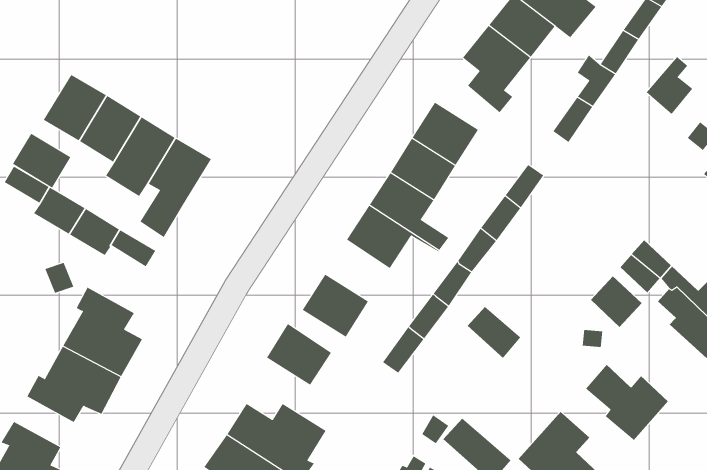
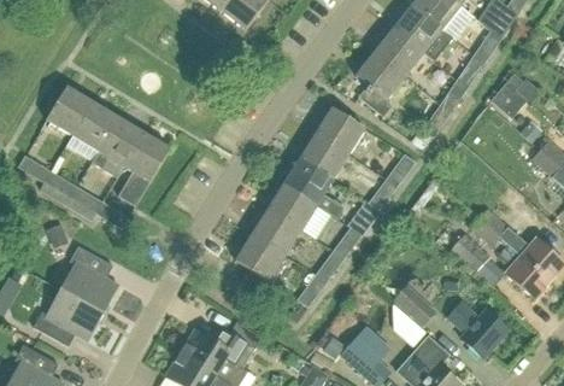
building: [12,133,71,189] -> none
building: [467,306,521,359] -> [393,285,433,323]
building: [266,323,332,385] -> [253,209,301,255]

